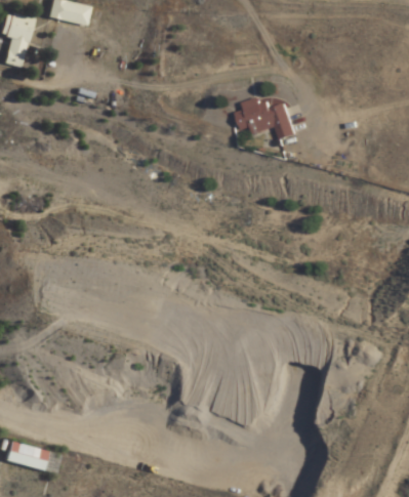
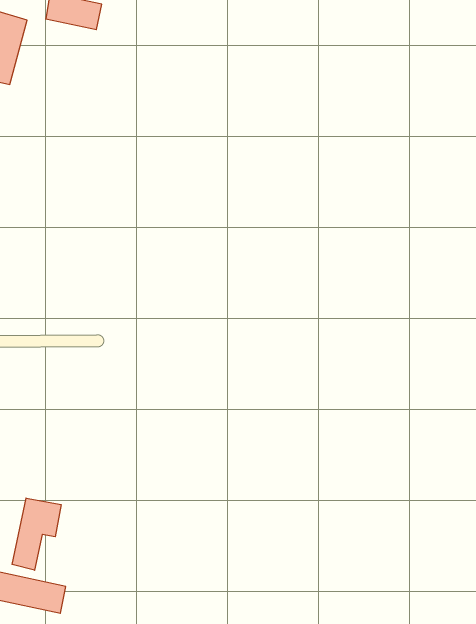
building: [236,97,296,138] -> none
building: none -> [12,498,61,570]

